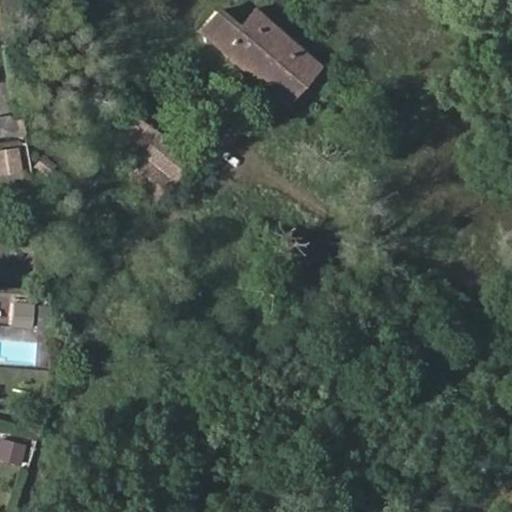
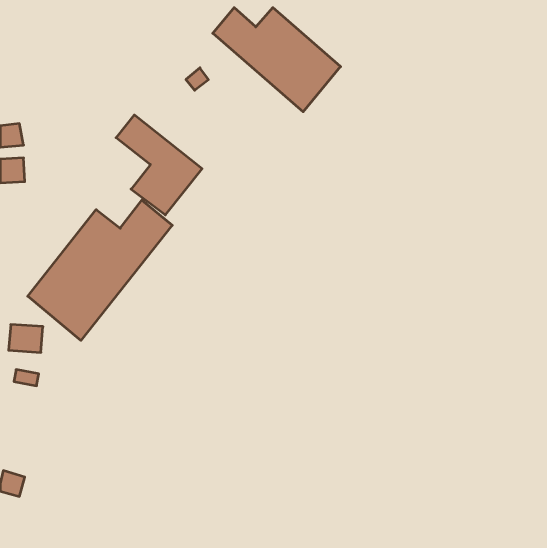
building: none -> [28,200,172,340]

